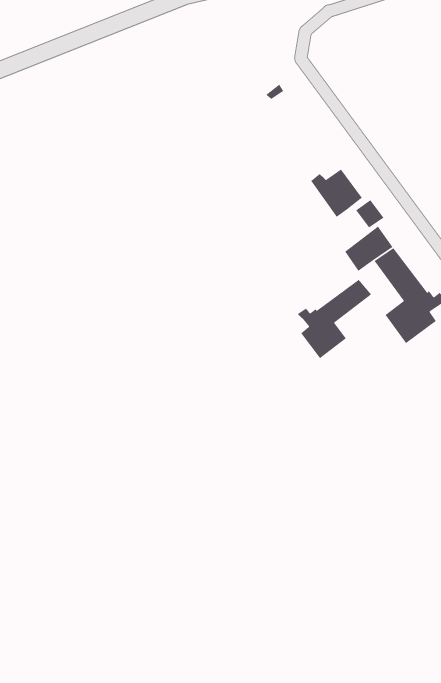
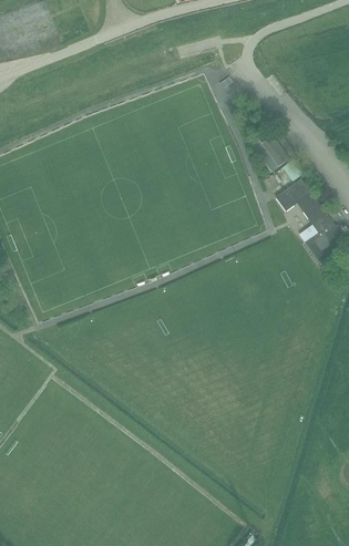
building: [297,279,372,359] -> none

